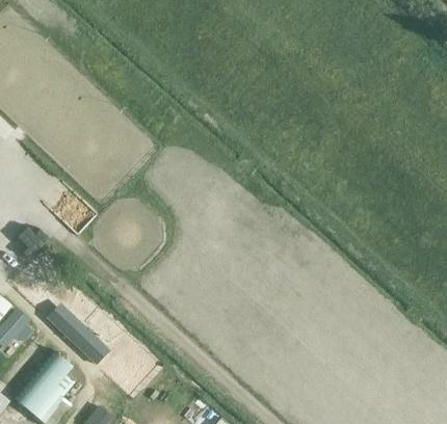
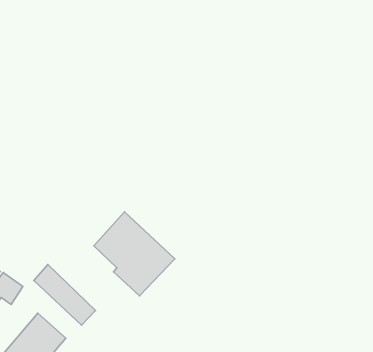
building: none -> [94,212,175,296]

